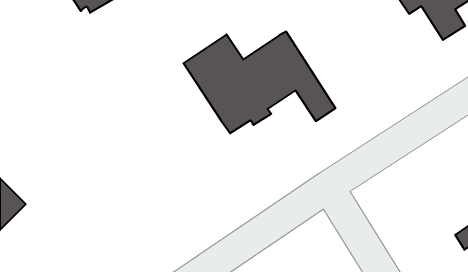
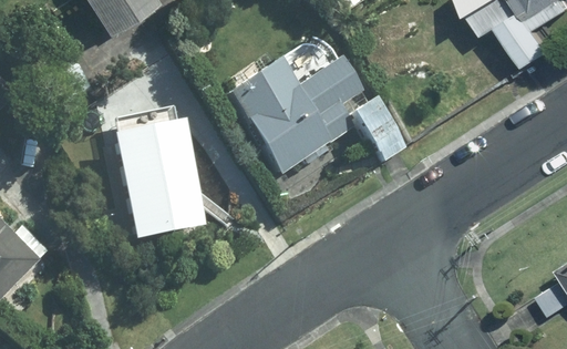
building: none -> [109,104,206,240]

